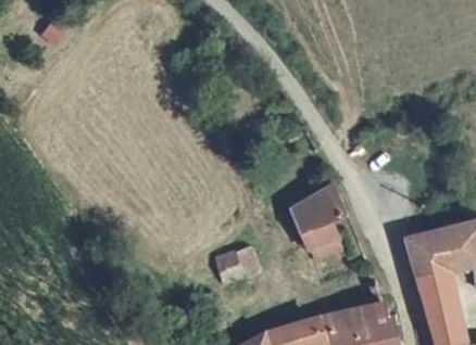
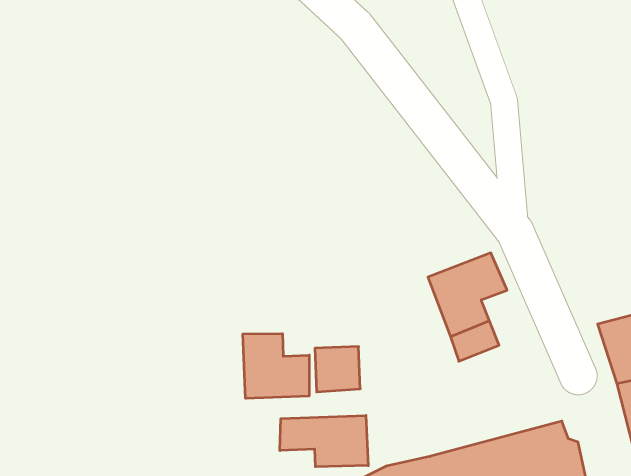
building: none -> [243,334,309,398]
building: none -> [280,415,368,467]

